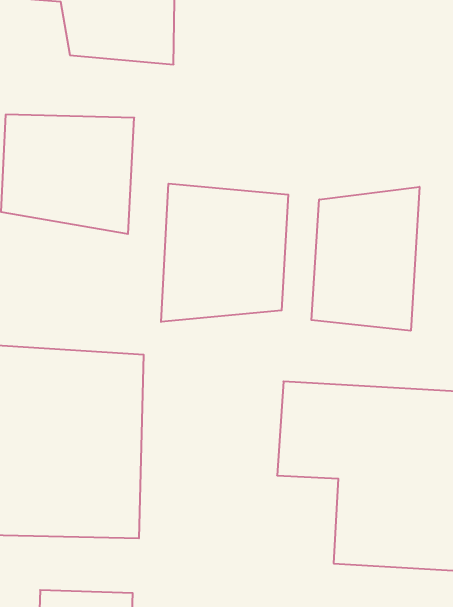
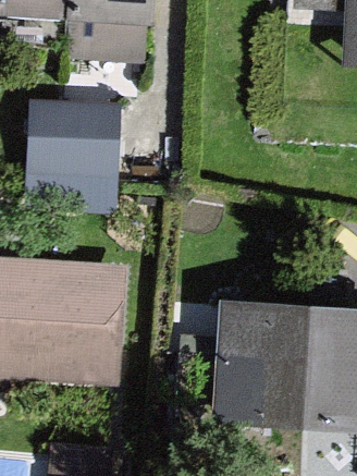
building: [161,184,288,322] -> none
building: [311,187,419,331] -> none

